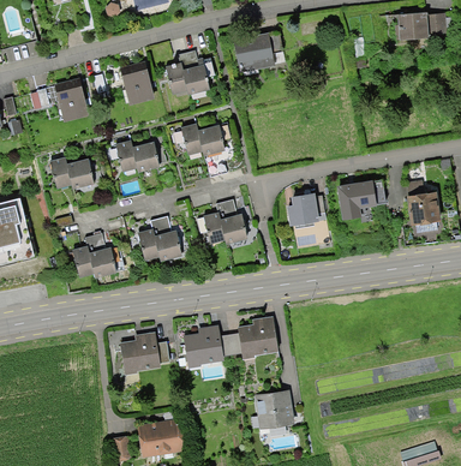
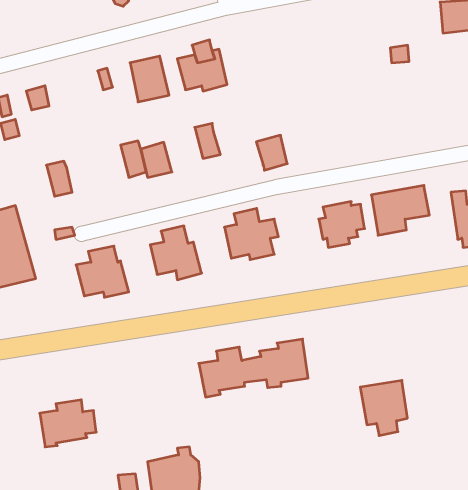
building: [234,31,283,71] -> none
building: [55,80,89,121] -> none
building: [194,124,222,155] -> [256,135,287,170]
building: [64,157,91,189] -> none
building: [119,330,169,372] -> [40,400,96,447]
building: [252,389,294,438] -> [360,380,407,436]

